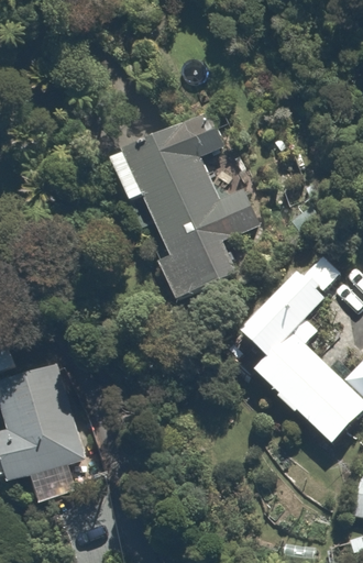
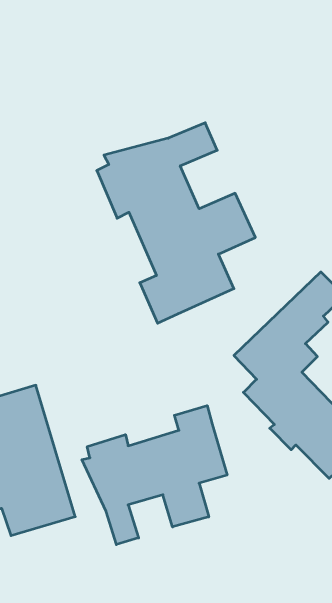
building: none -> [82,406,227,545]

